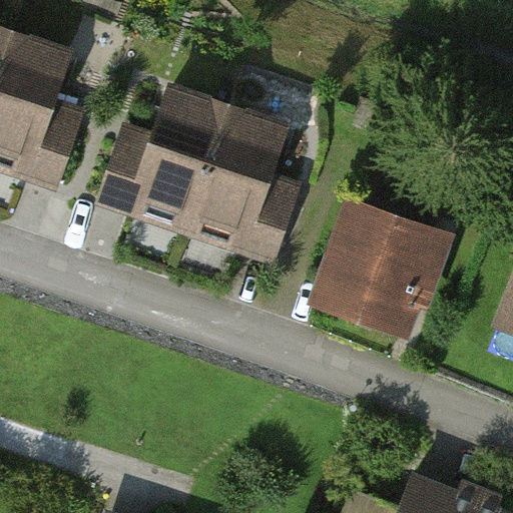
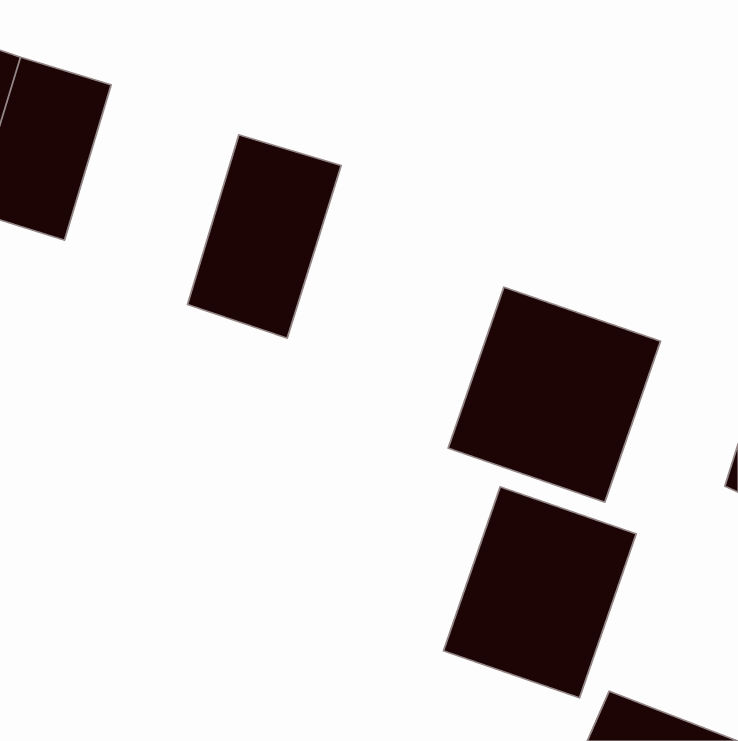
building: [196,113,304,253] -> none
building: none -> [444,487,636,698]

